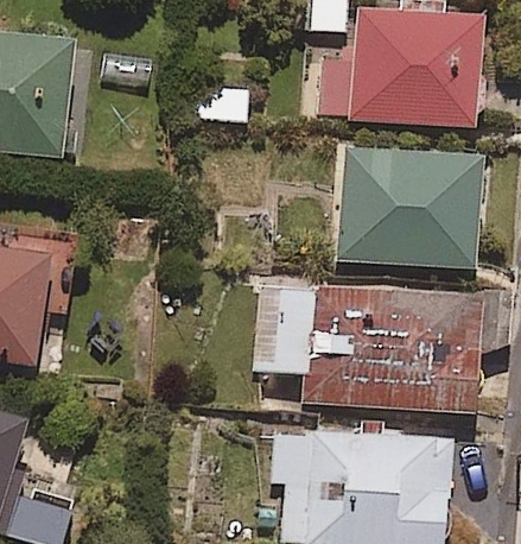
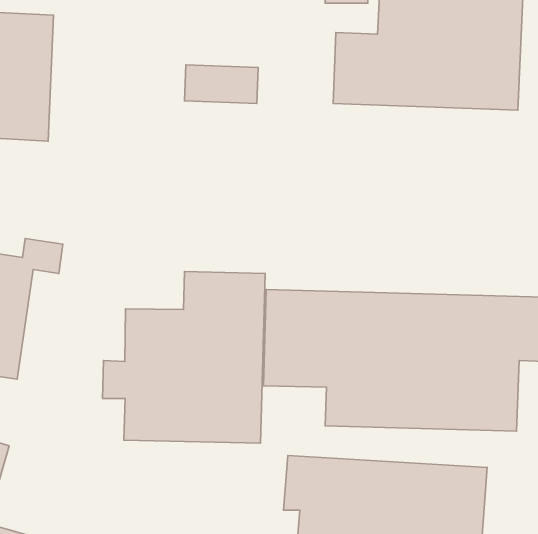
building: [337,150,484,268] -> none
building: none -> [102,271,265,443]

